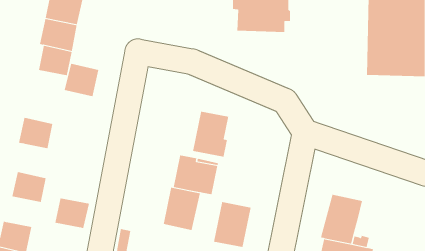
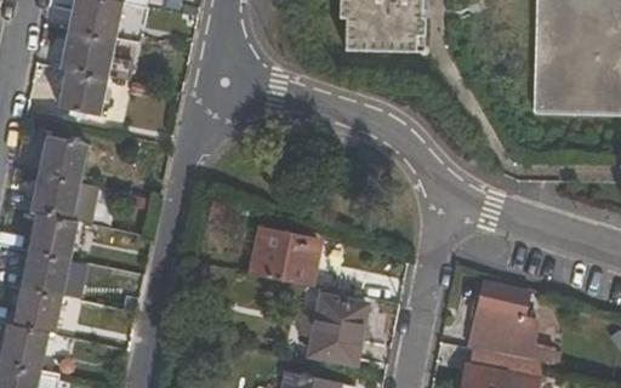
building: [64,63,99,97] -> [38,135,89,183]
building: [192,111,229,158] -> none
building: none -> [28,212,79,262]
building: [163,187,201,231] -> none
building: [55,198,90,229] -> [12,289,63,333]

